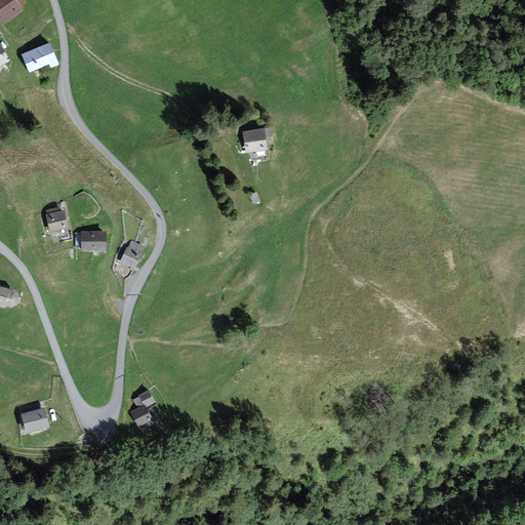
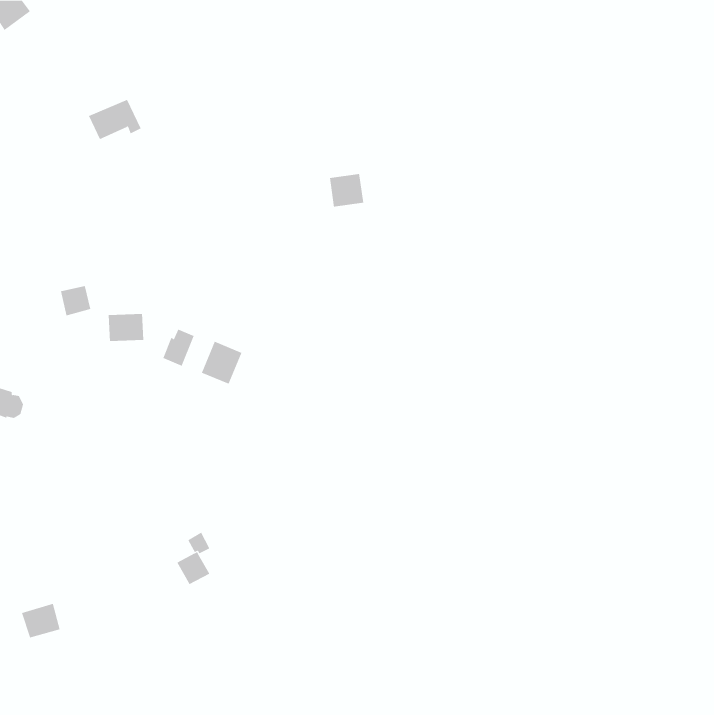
building: [19,42,58,72] -> [88,99,141,140]
building: none -> [201,341,242,385]
building: [19,406,48,432] -> [21,603,60,638]

